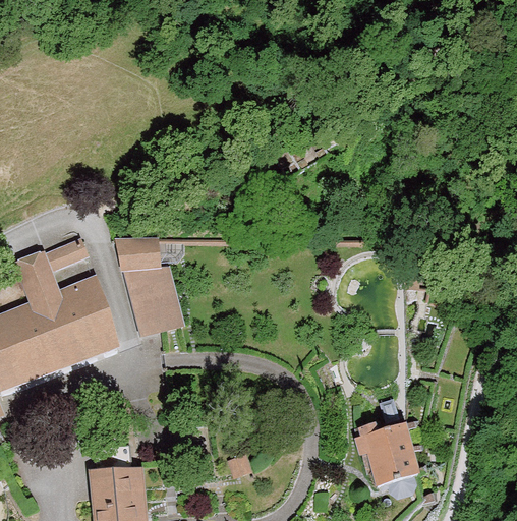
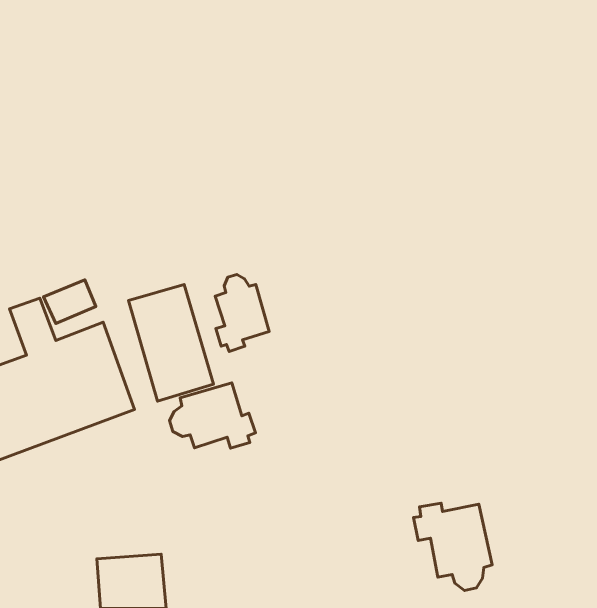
building: none -> [215,274,269,352]
building: none -> [170,383,256,448]

